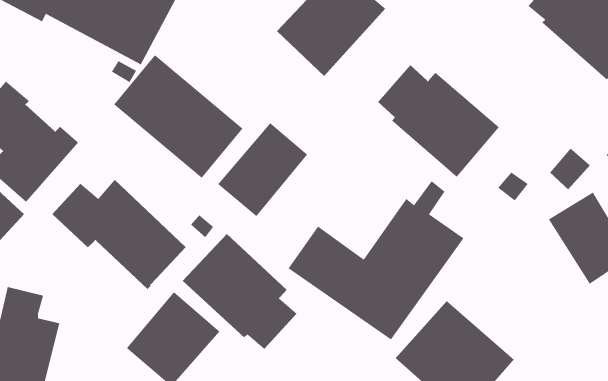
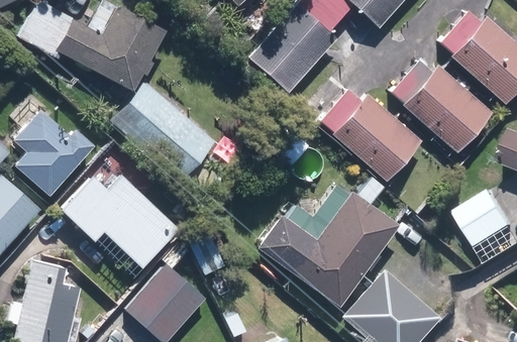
building: none -> [399,59,496,150]
building: [217,122,308,217] -> none
building: [182,233,298,350] -> none

